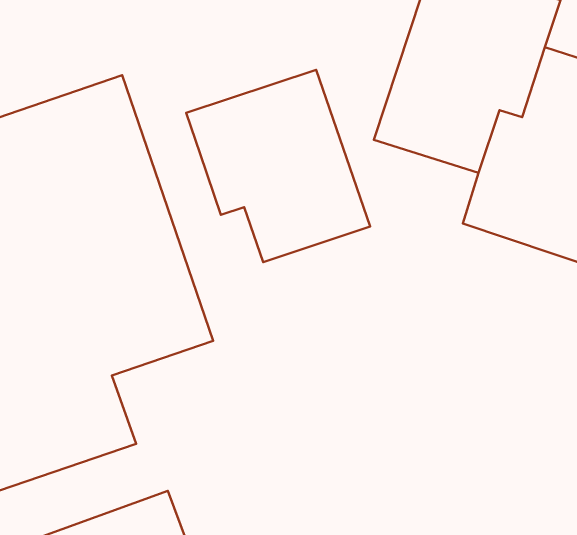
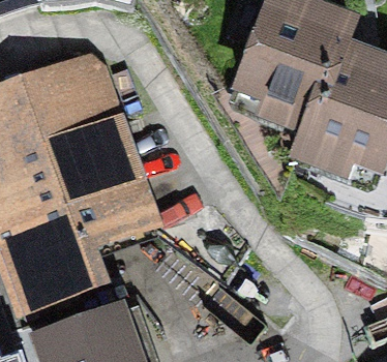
building: [186,70,370,262] -> none

